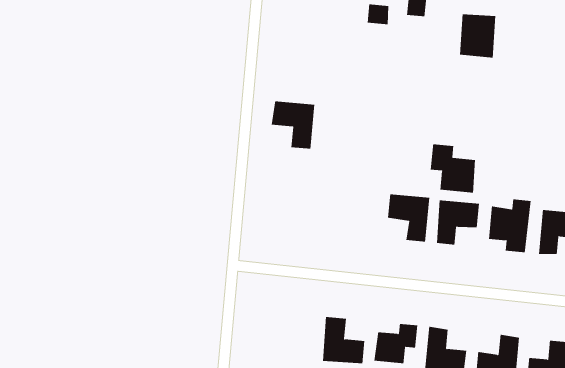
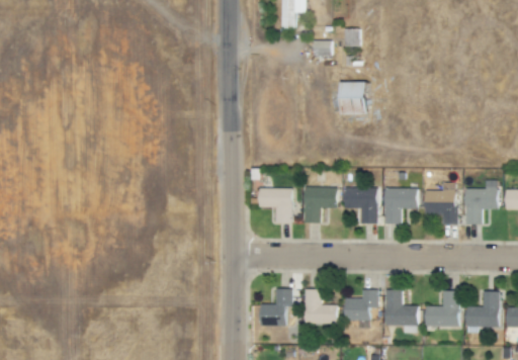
building: [459,14,496,58] -> [340,81,368,114]
building: [271,101,315,149] -> [258,188,291,223]
building: [430,144,475,193] -> none
building: none -> [304,187,336,222]
building: none -> [260,289,291,326]

